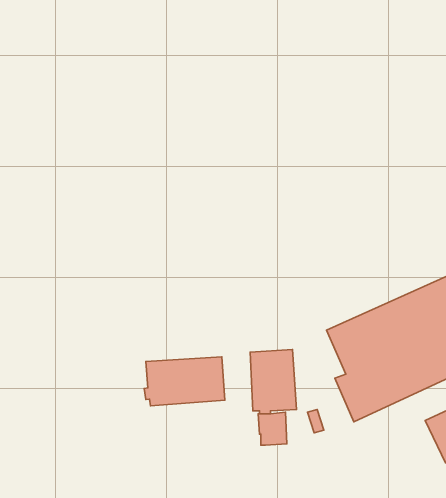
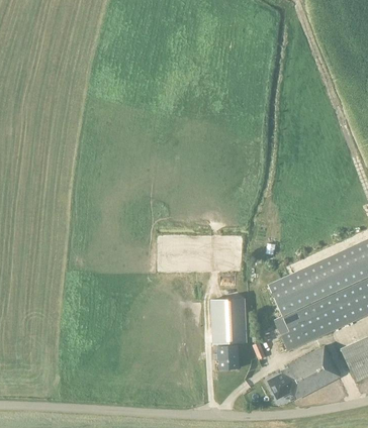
building: [144,357,225,406] -> none
building: none -> [268,345,340,399]

